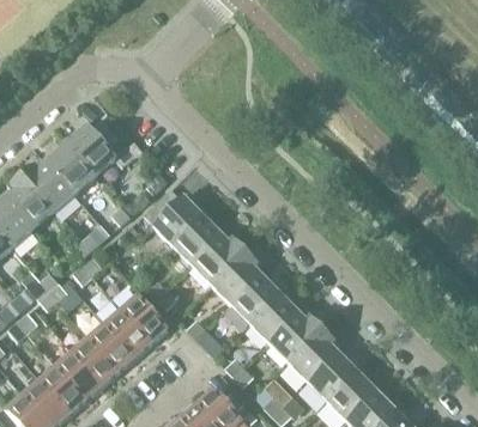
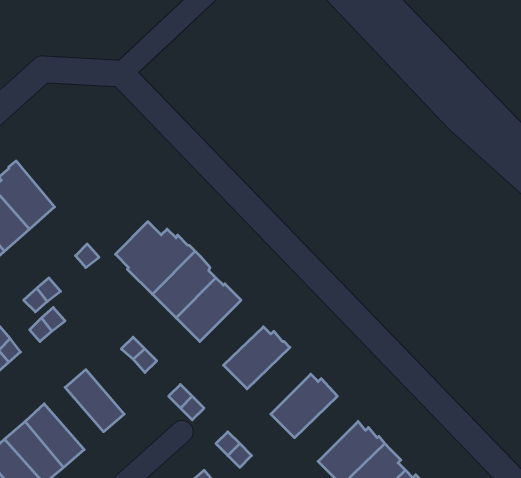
building: [63,120,134,177] -> none
building: [212,252,264,305] -> none
building: [250,291,302,344] -> none
building: [120,294,168,344] -> none
building: [86,323,134,373] -> none
building: [289,330,340,383] -> none

